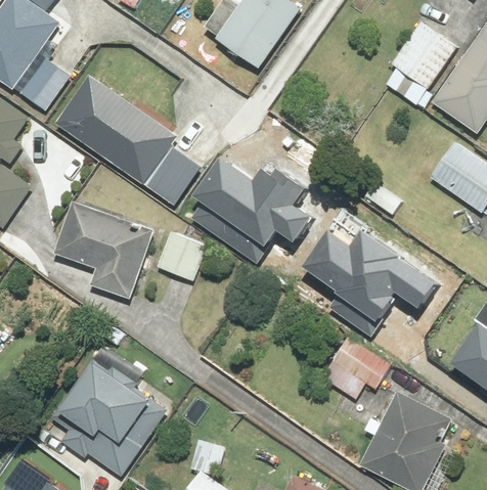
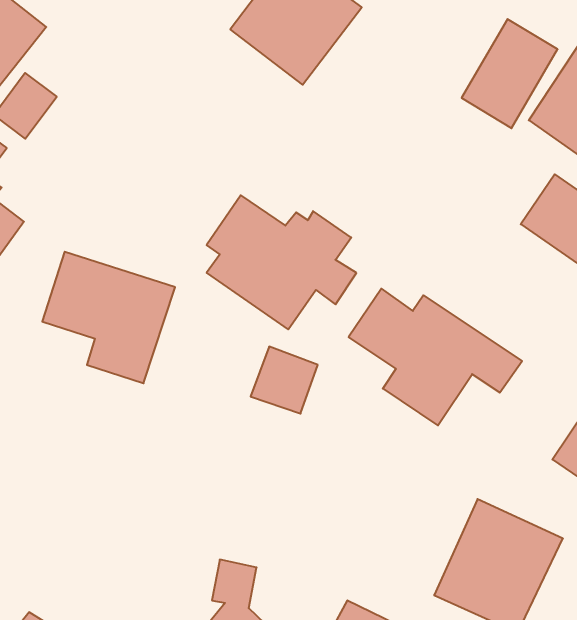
building: [60,76,203,209] -> none
building: [156,228,208,280] -> [251,347,318,414]
building: [324,339,392,400] -> none
building: [48,355,173,478] -> none

